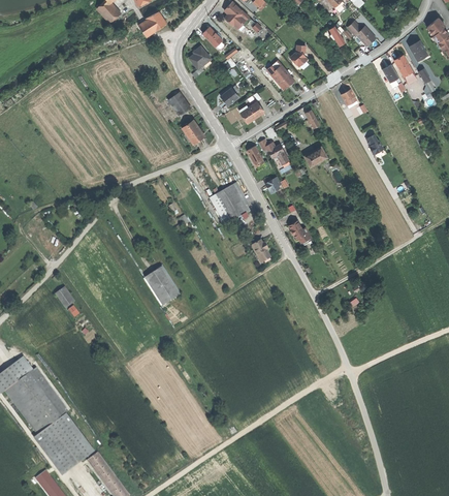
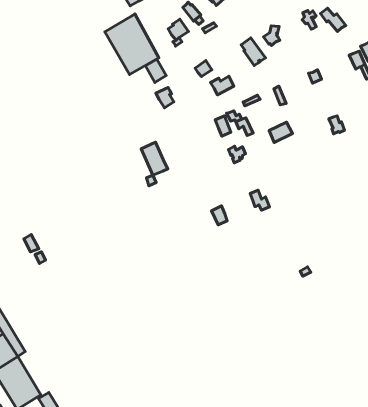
building: none -> [105,14,159,75]
building: [216,186,246,221] -> [141,142,168,175]
building: [143,267,178,305] -> none

